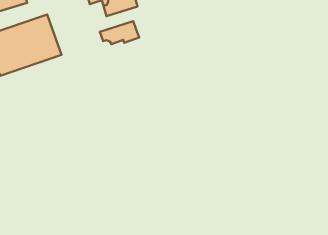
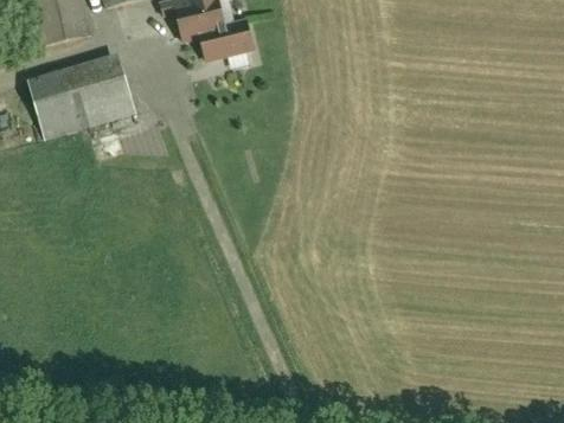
building: [100,21,139,44] -> none

